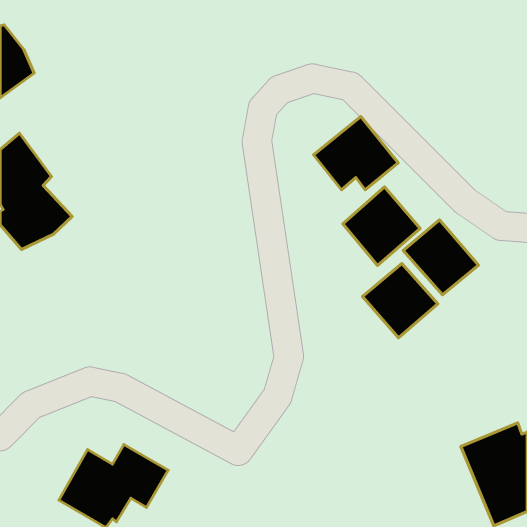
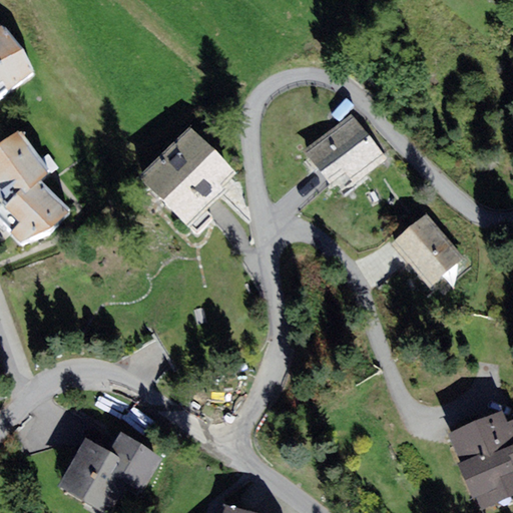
building: none -> [139,127,236,226]
building: [343,187,420,265] -> none
building: [363,263,438,338] -> none

